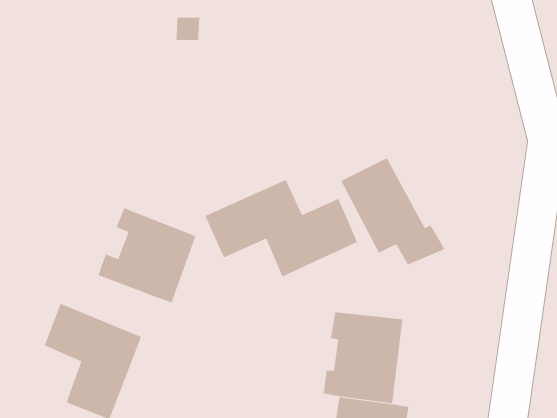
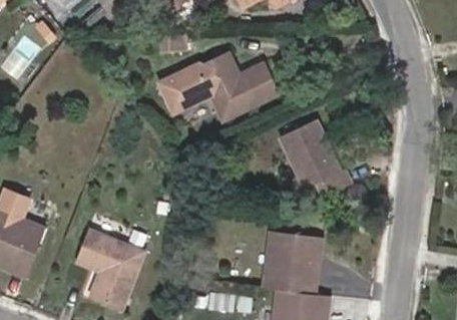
building: [205,179,358,277] -> [168,54,274,121]
building: [98,207,196,303] -> none

